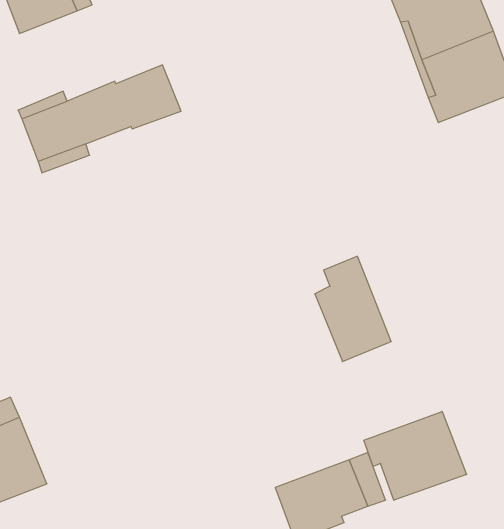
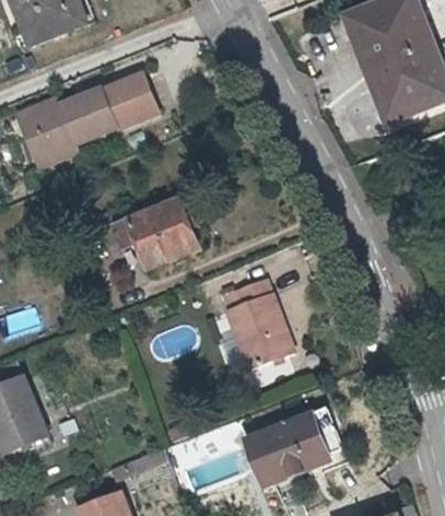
building: none -> [115,199,198,268]
building: [315,256,391,362] -> [225,280,292,372]
building: [364,411,467,500] -> none

